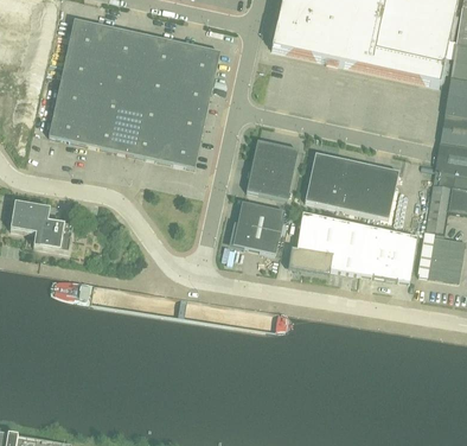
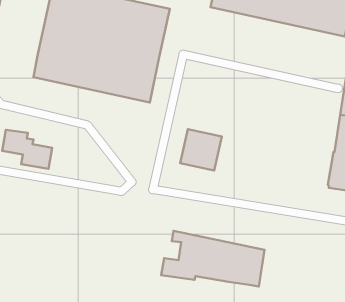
building: [247,139,299,198] -> none
building: [306,152,399,218] -> none
building: [288,211,417,281] -> [161,231,265,287]

